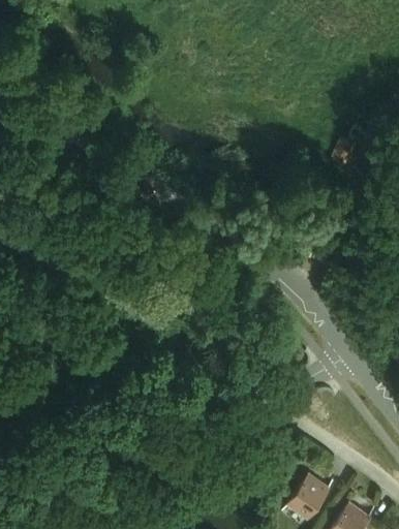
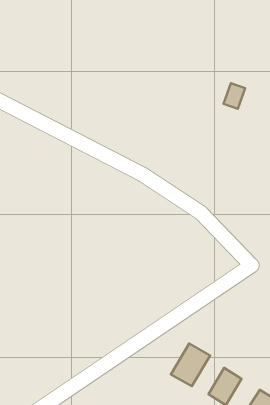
building: none -> [171,344,210,386]

